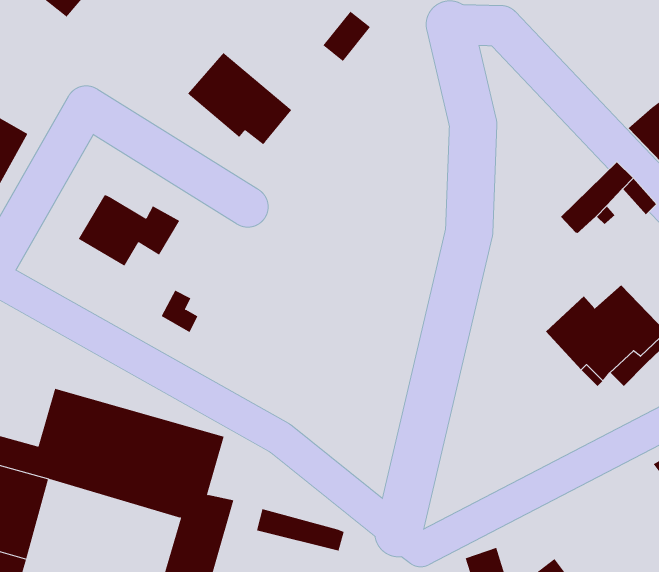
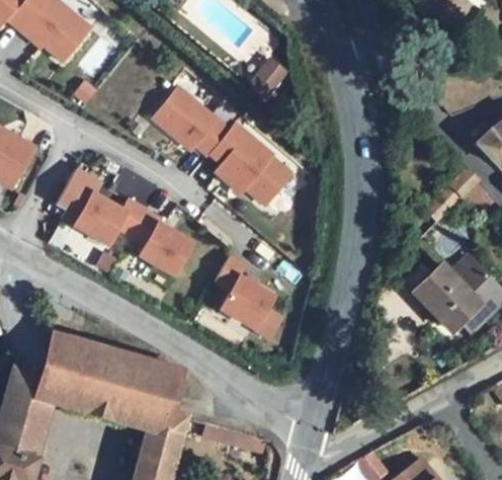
building: none -> [210,123,291,205]
building: none -> [55,168,100,224]
building: none -> [132,211,191,274]
building: none -> [214,257,273,328]

